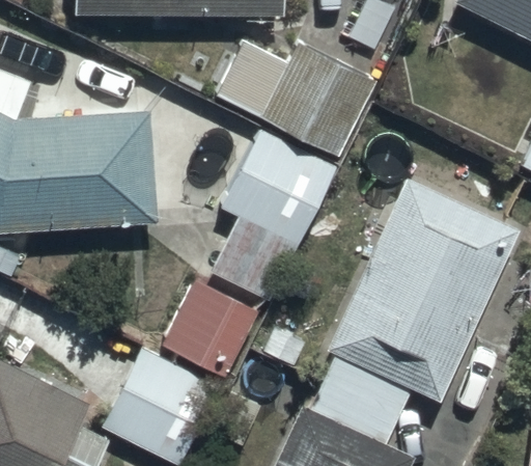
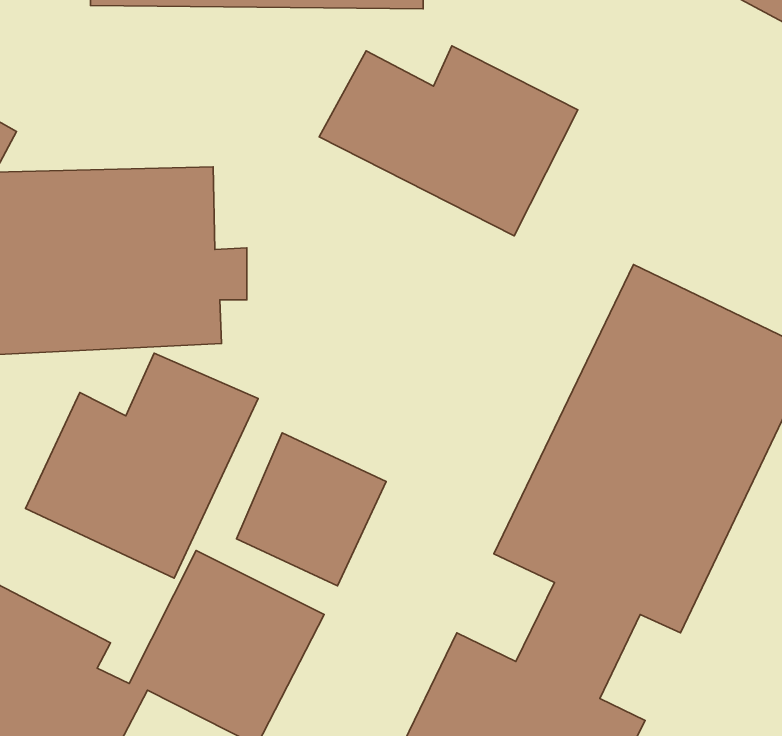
building: [215,130,337,301] -> none
building: none -> [25,353,258,578]

